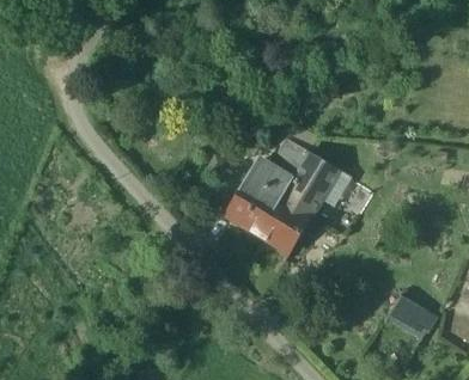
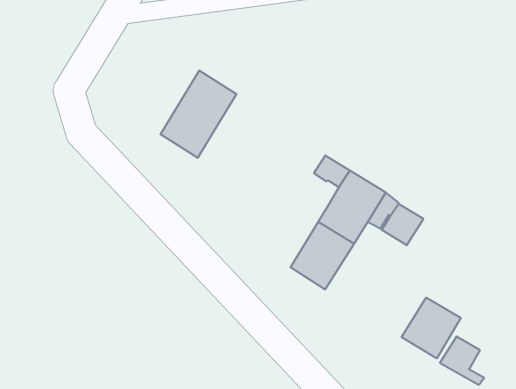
building: [224,160,290,235] -> [160,71,237,158]
building: none -> [402,298,461,358]

